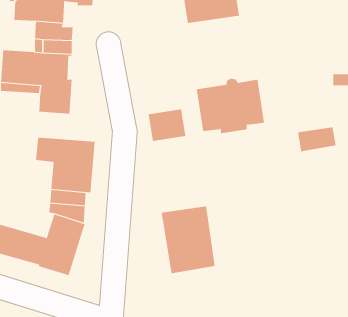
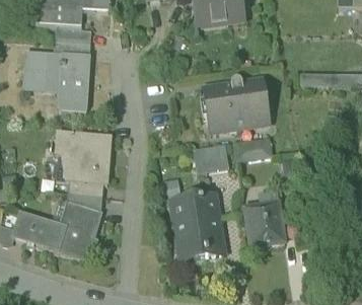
building: [148,109,186,142] -> [193,143,228,173]
building: [297,127,337,152] -> [234,137,271,160]
building: none -> [244,202,284,247]

